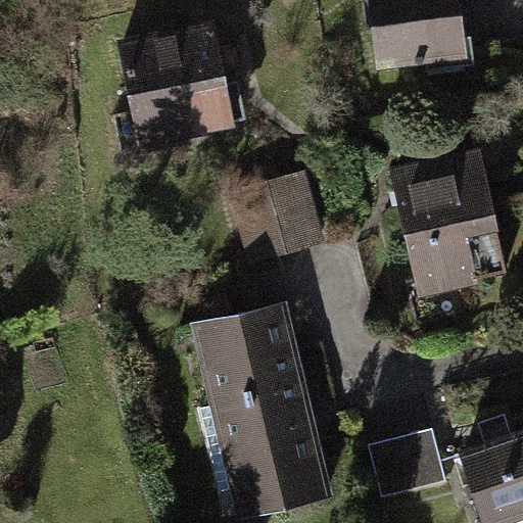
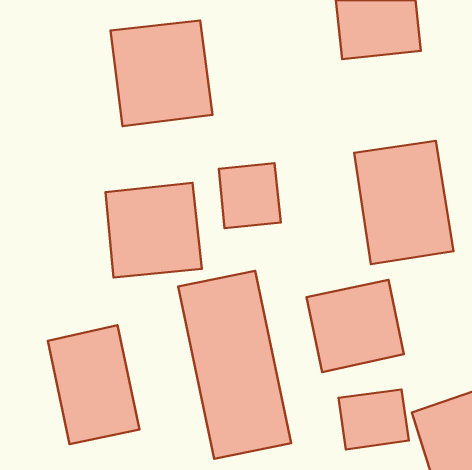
building: none -> [105,183,202,278]
building: none -> [306,280,404,372]
building: none -> [48,325,139,444]

